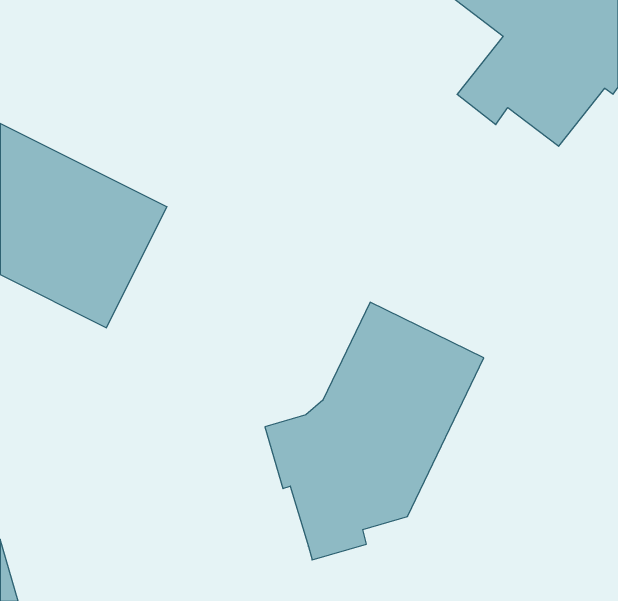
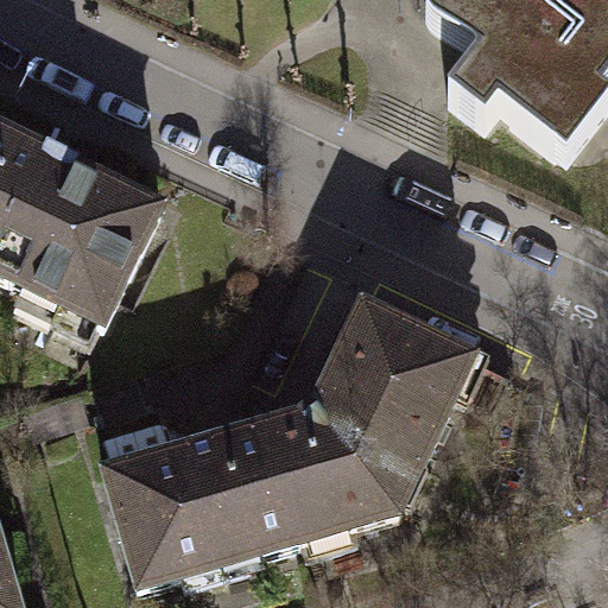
building: none -> [103,419,303,585]

